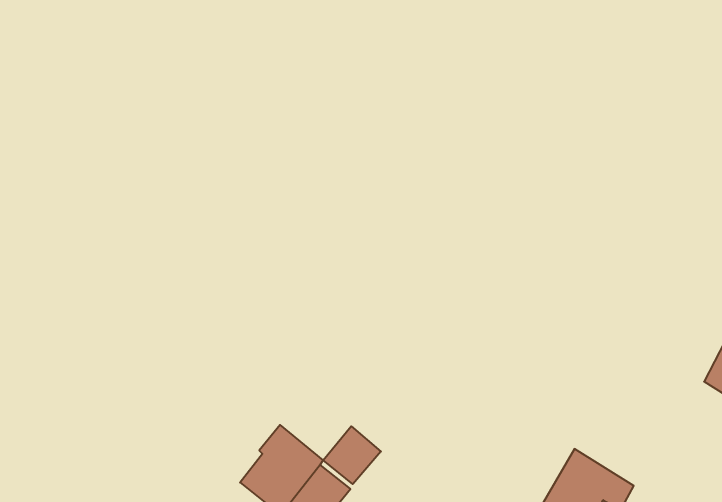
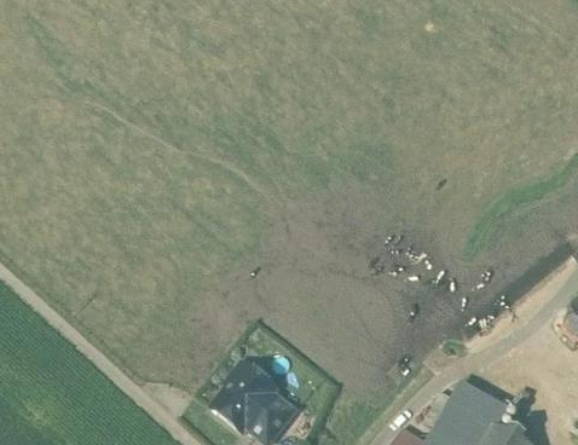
building: [323,426,381,484] -> none

